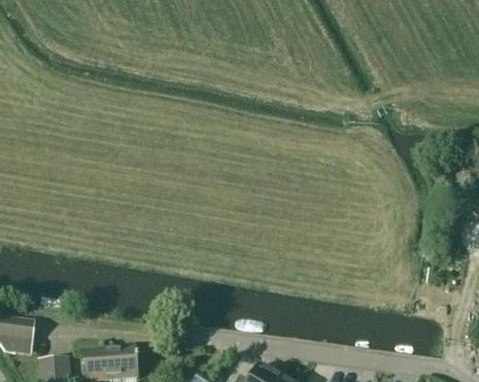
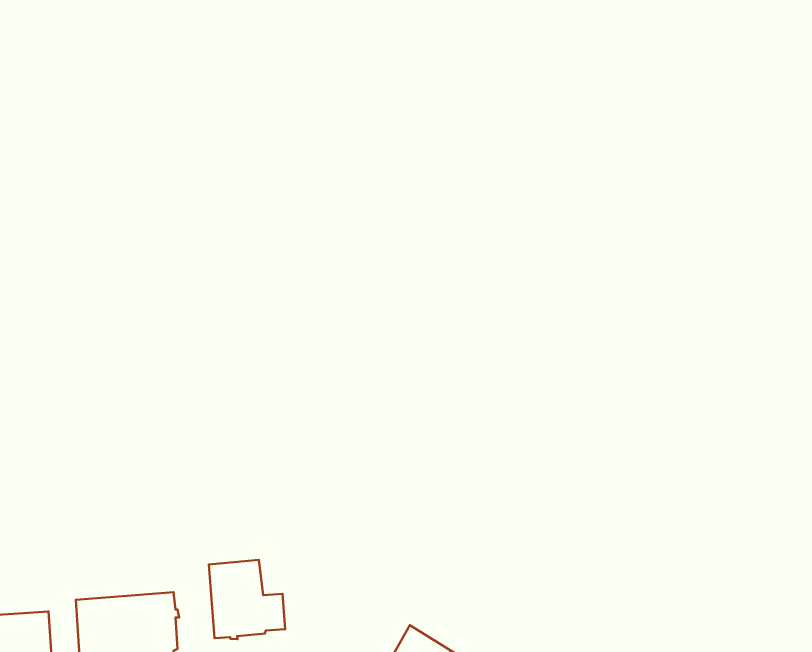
building: none -> [209,560,285,639]

